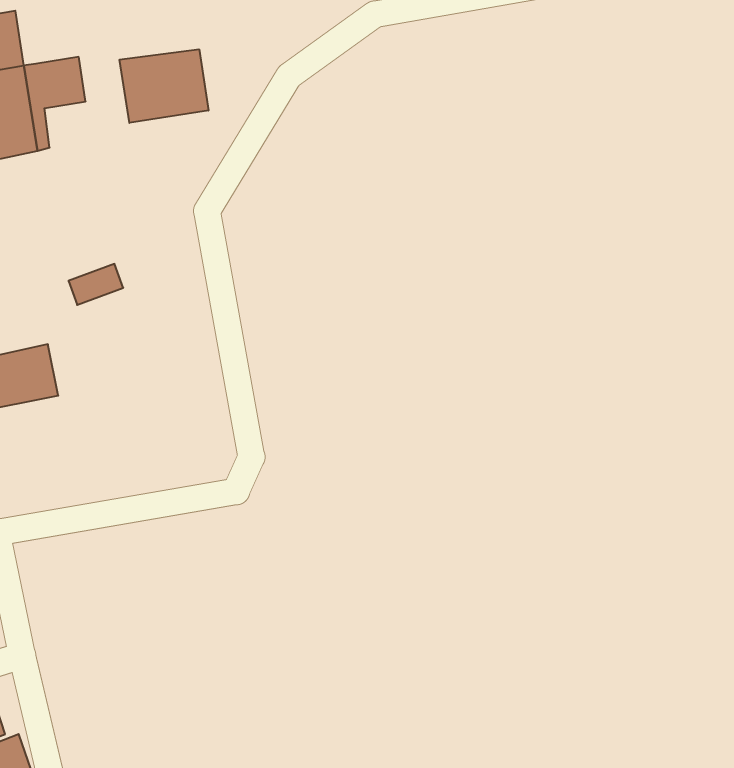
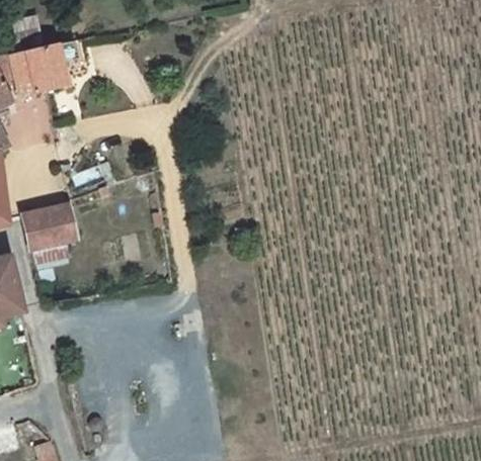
building: [120,49,208,123] -> none

